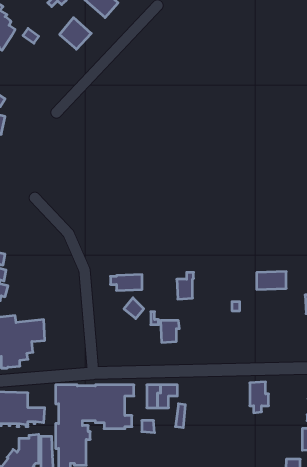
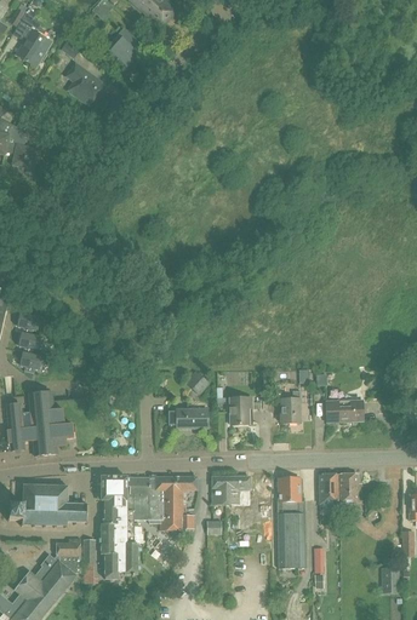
building: none -> [64,62,105,105]
building: [257,272,286,289] -> [325,400,361,421]
building: [177,272,194,299] -> [279,390,299,423]
building: [110,275,142,290] -> [167,408,206,427]
building: none -> [318,473,337,503]
building: none -> [275,477,304,568]

